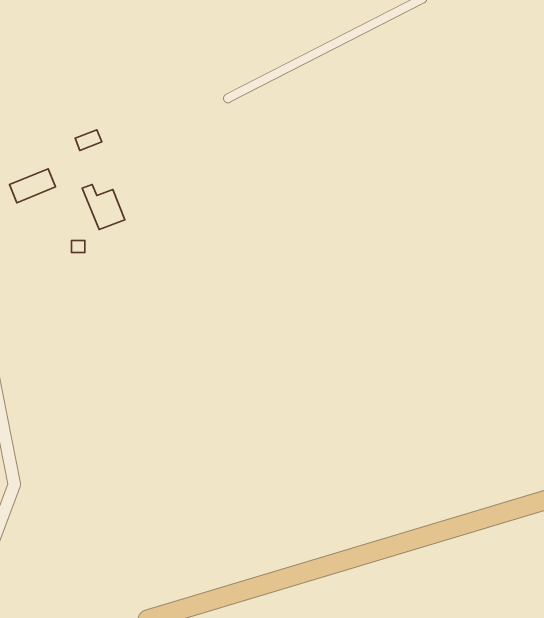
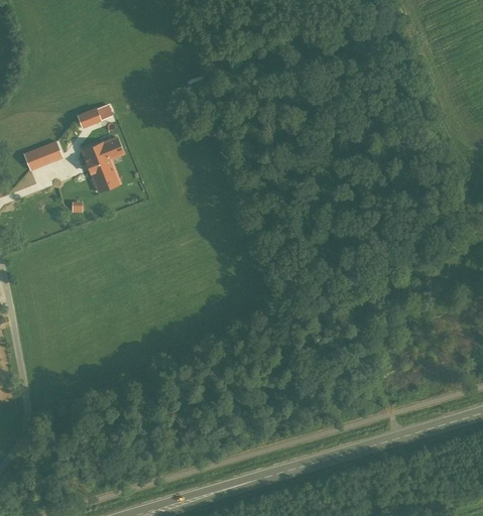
building: none -> [83,138,124,164]

